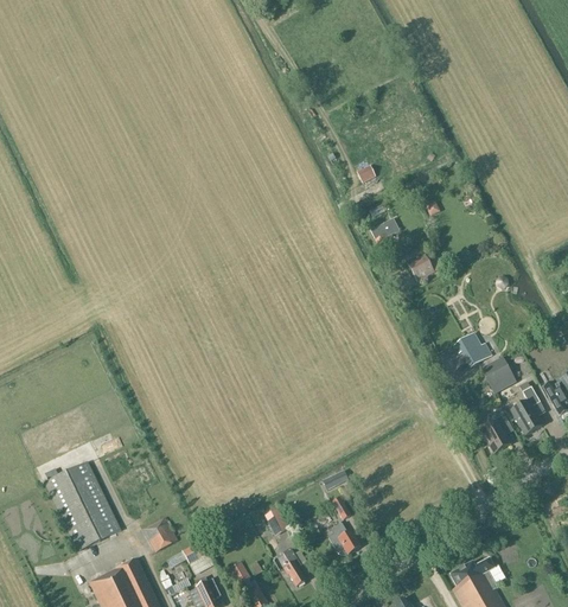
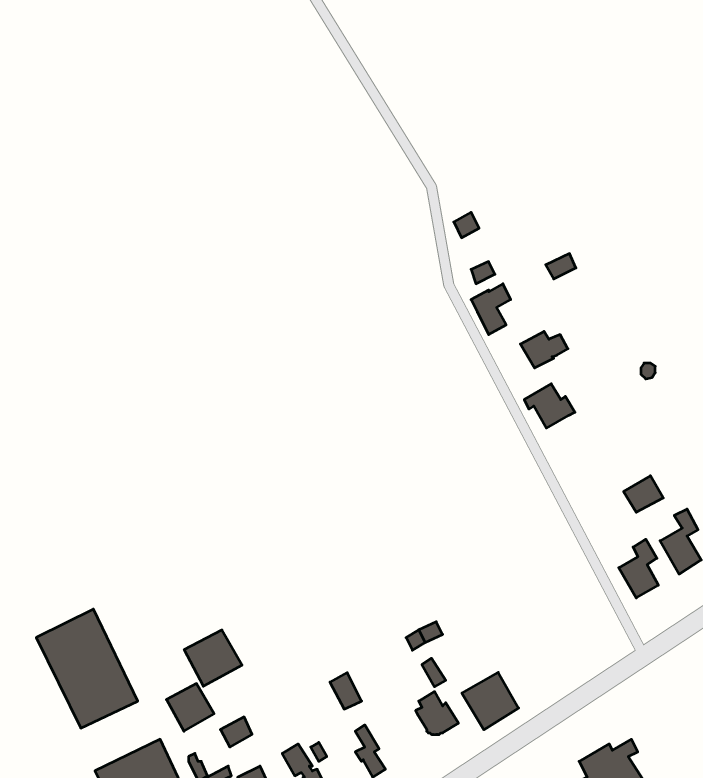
building: [454,333,492,366] -> [524,384,575,428]
building: none -> [184,630,242,686]
building: none -> [462,672,519,730]

